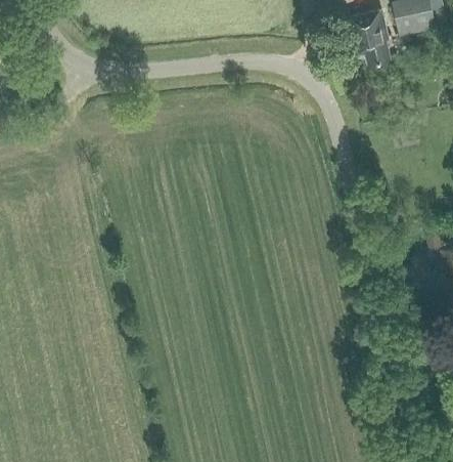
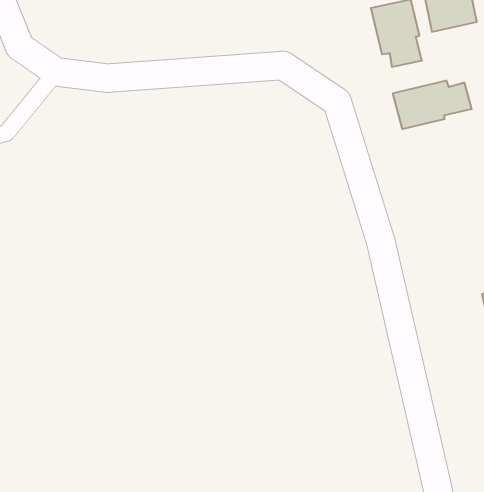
building: none -> [393,80,472,129]

